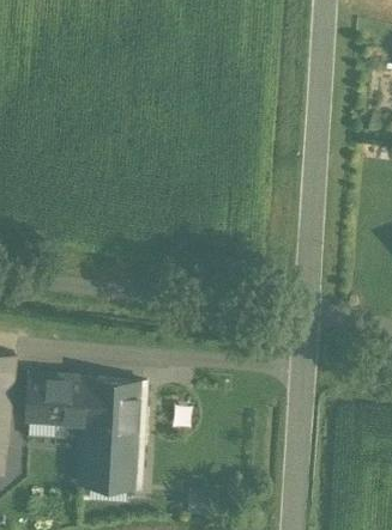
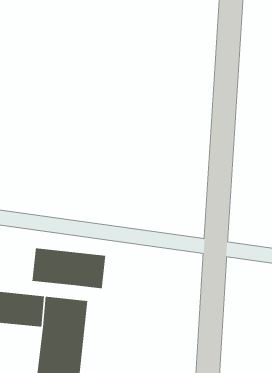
building: none -> [32,247,106,289]

